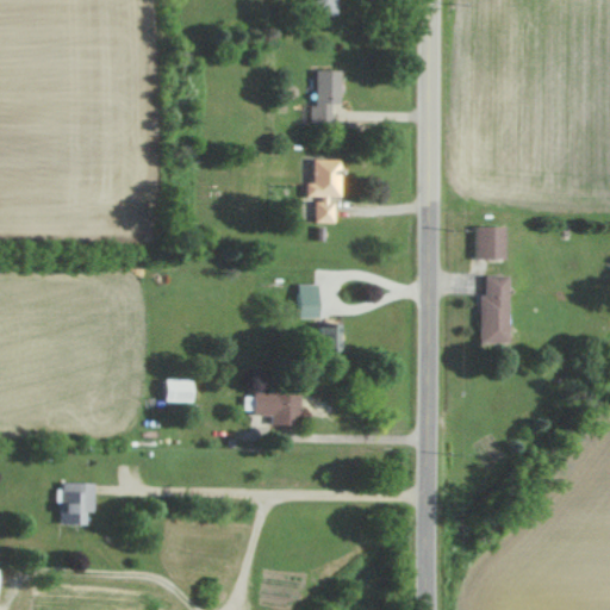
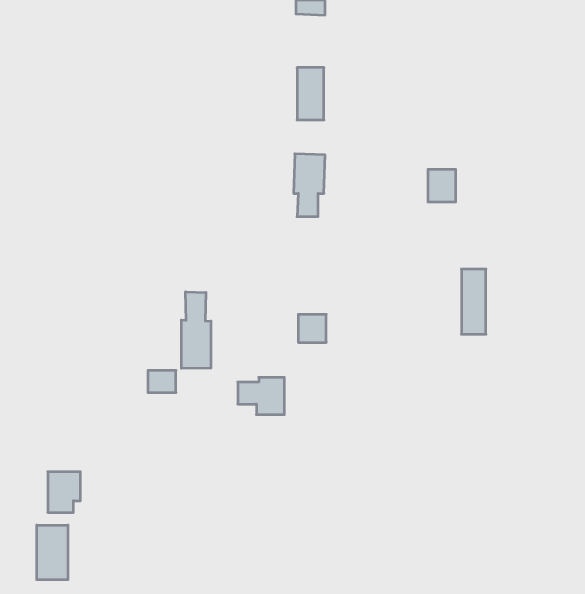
building: [475,226,504,260] -> [428,169,456,202]
building: [304,290,322,318] -> none
building: none -> [181,292,211,368]
building: none -> [37,525,68,580]

